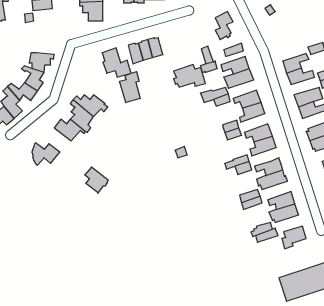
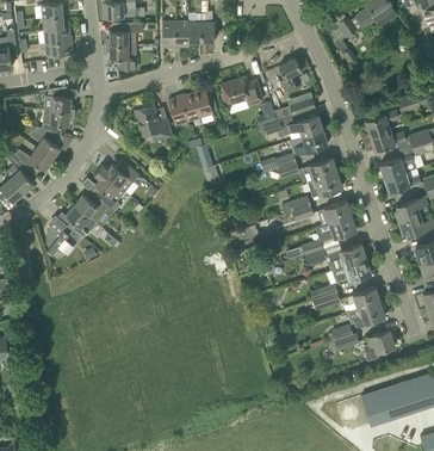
building: none -> [44,87,74,112]
building: [174,65,205,87] -> [221,76,261,105]
building: [120,72,140,103] -> none
building: [85,167,108,193] -> [66,205,95,239]

